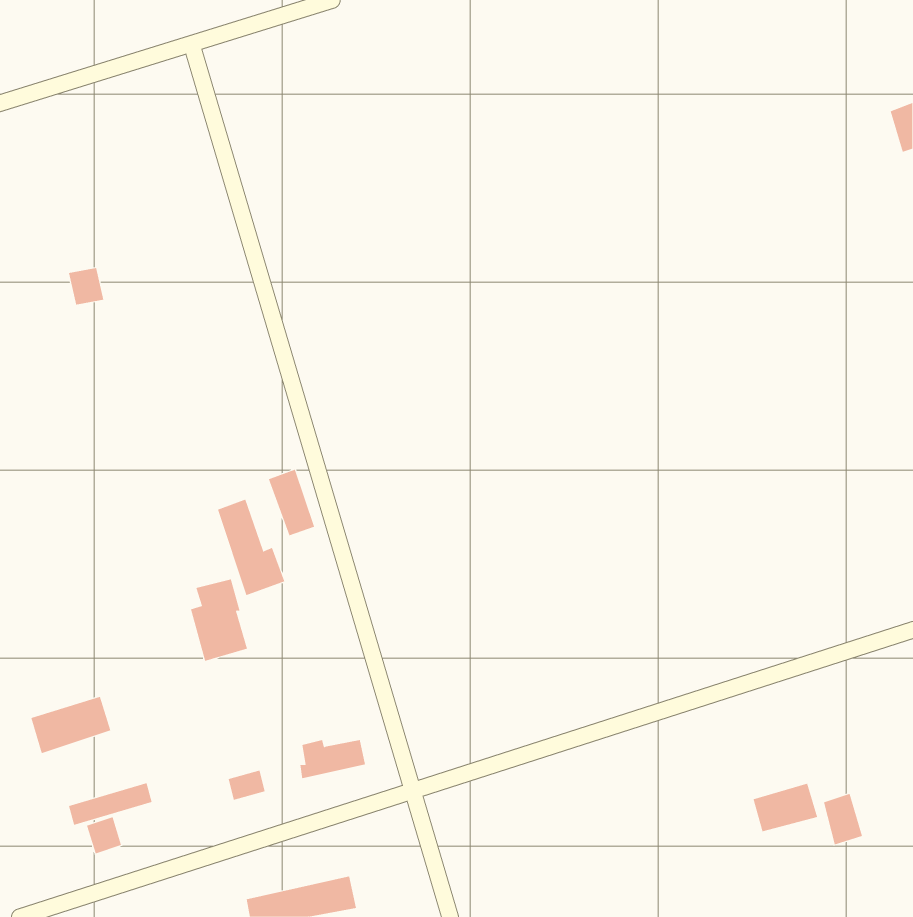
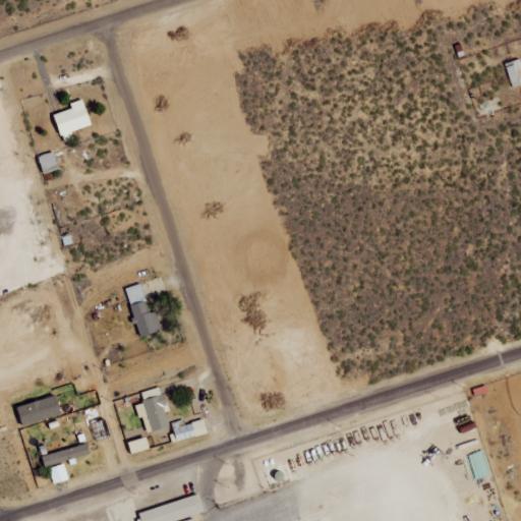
building: none -> [55,99,92,141]
building: [268,469,315,536] -> none
building: [190,579,248,661] -> [137,387,170,433]
building: [753,783,818,832] -> none

